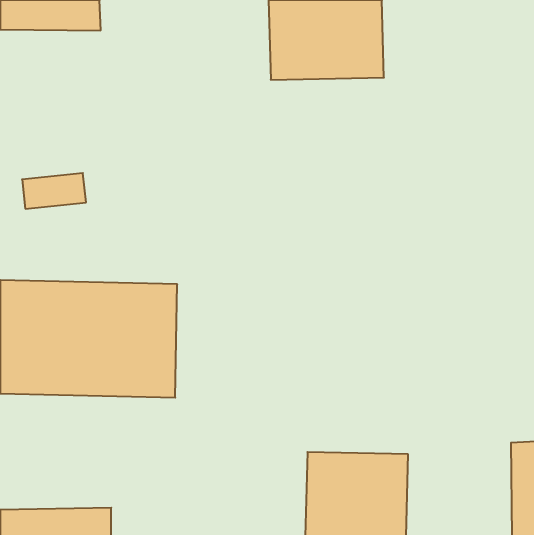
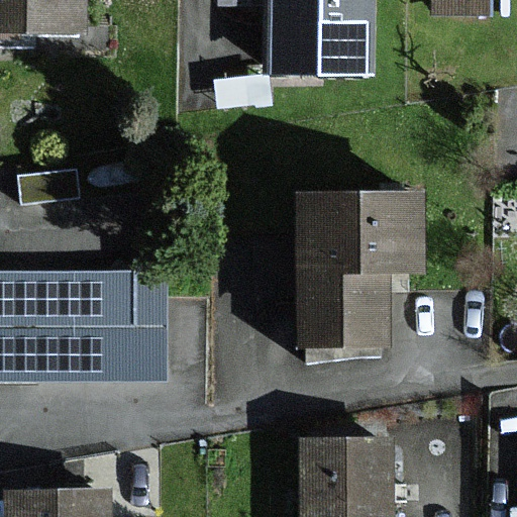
building: none -> [294,186,421,350]

